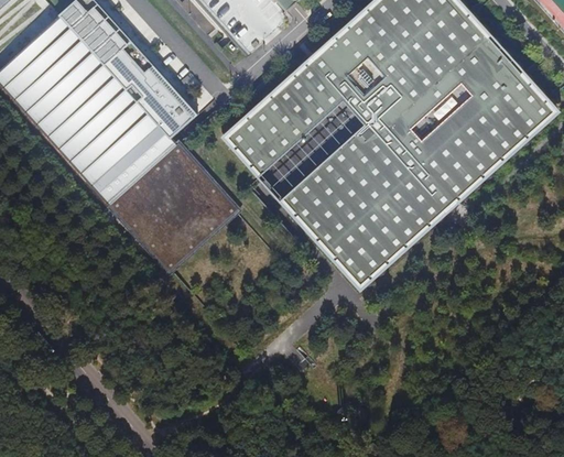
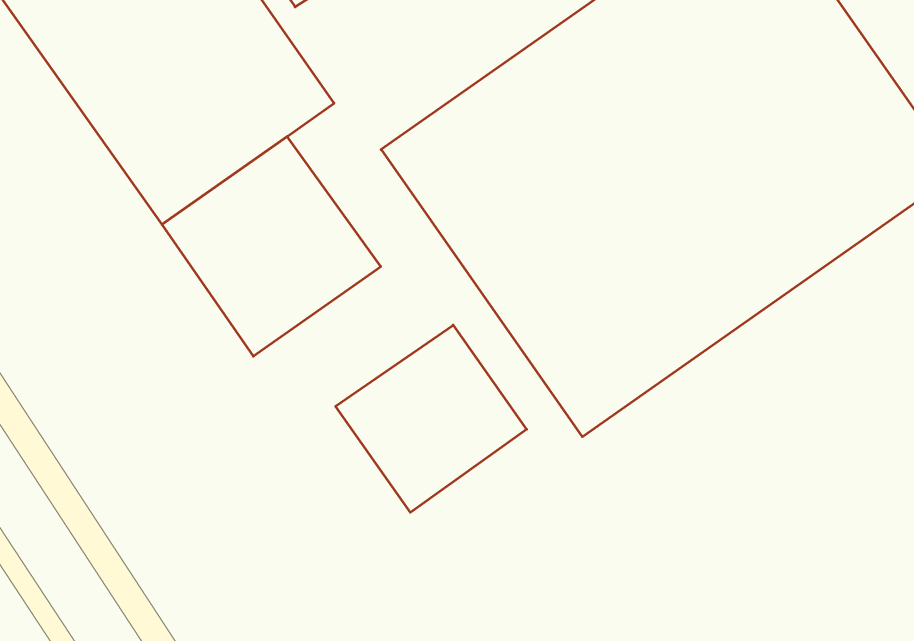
building: none -> [336,325,527,512]

